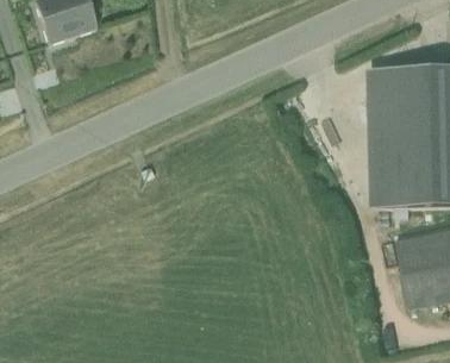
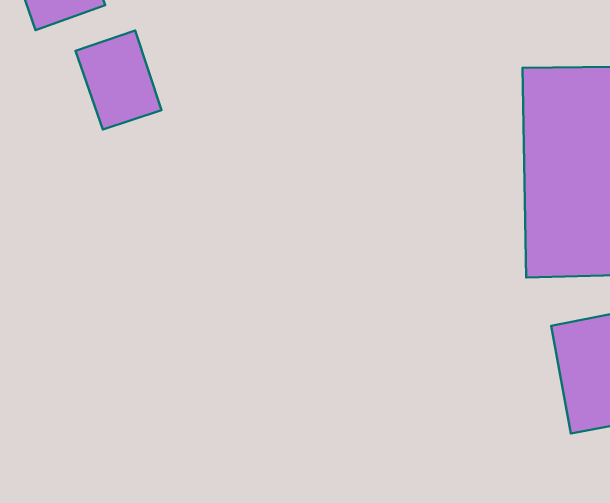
building: none -> [75,30,161,129]

